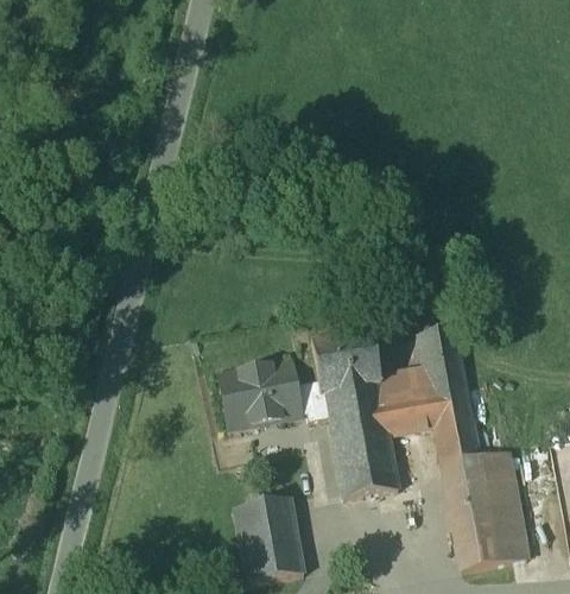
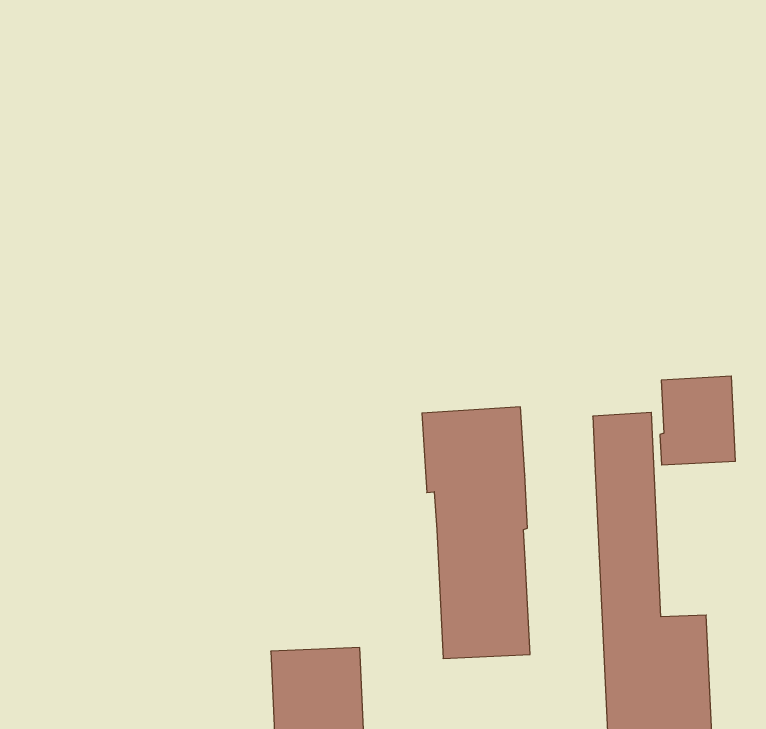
building: [221,364,330,428] -> none
building: [381,367,435,429] -> [660,376,735,465]

